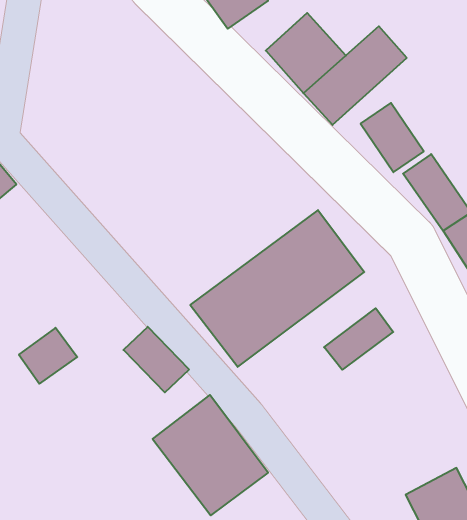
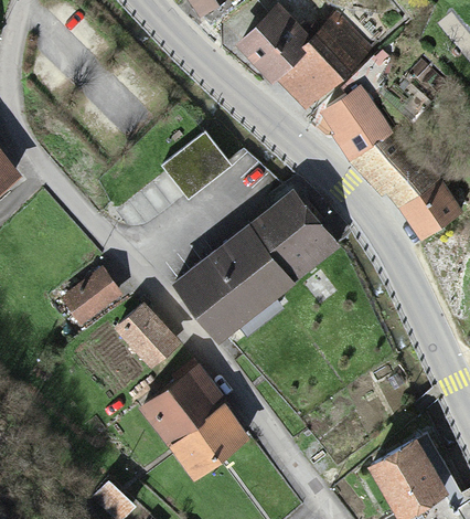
building: none -> [165,138,231,201]
building: [324,308,393,370] -> none
building: [19,328,77,384] -> [61,265,114,316]

